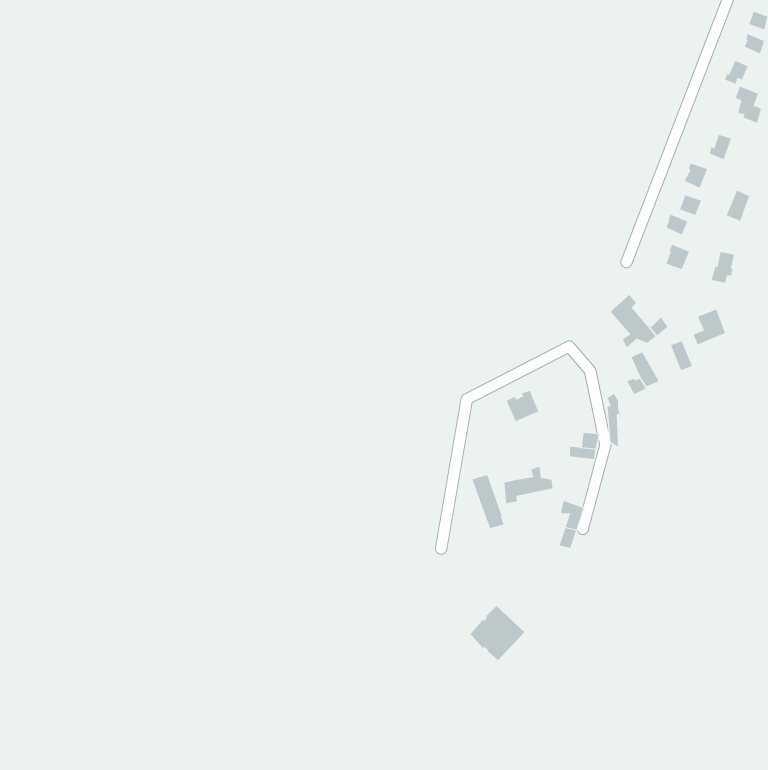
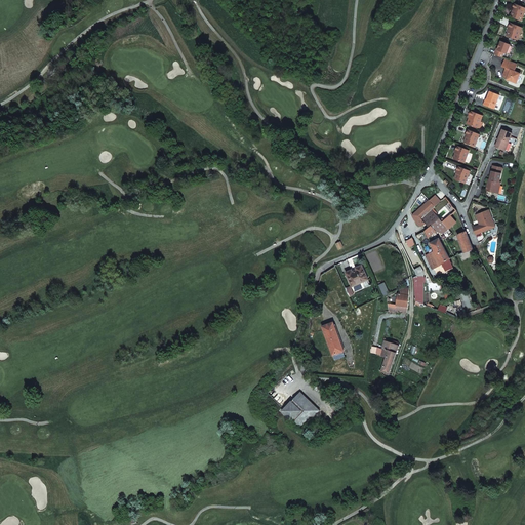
building: [504,466,553,504] -> none
building: [469,605,525,661] -> [281,392,319,430]

